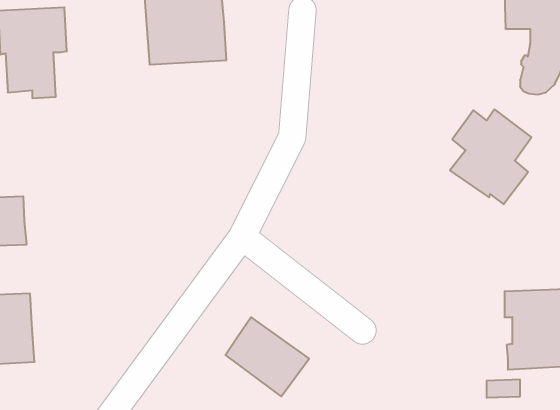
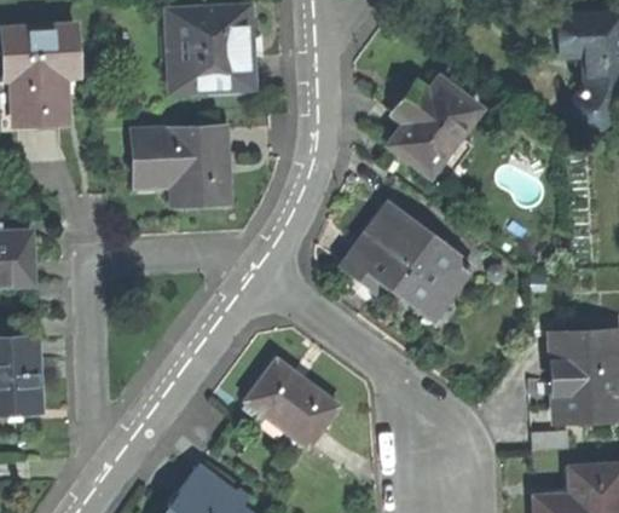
building: none -> [132,123,224,201]
building: [450,109,531,204] -> [384,75,473,178]
building: none -> [339,200,468,315]

